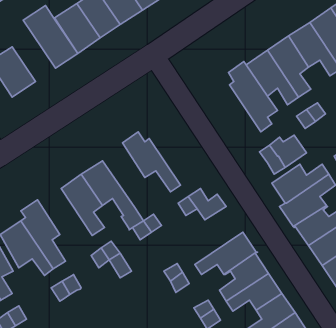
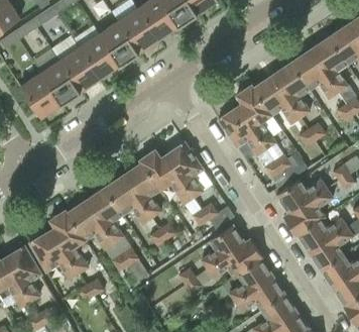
building: none -> [40,61,80,104]
building: none -> [218,107,265,155]
building: none -> [164,142,213,198]
building: none -> [122,159,161,218]
building: none -> [64,201,113,249]
building: none -> [200,225,249,269]

